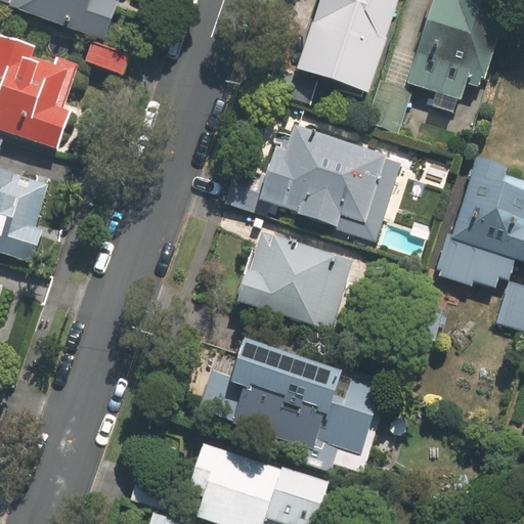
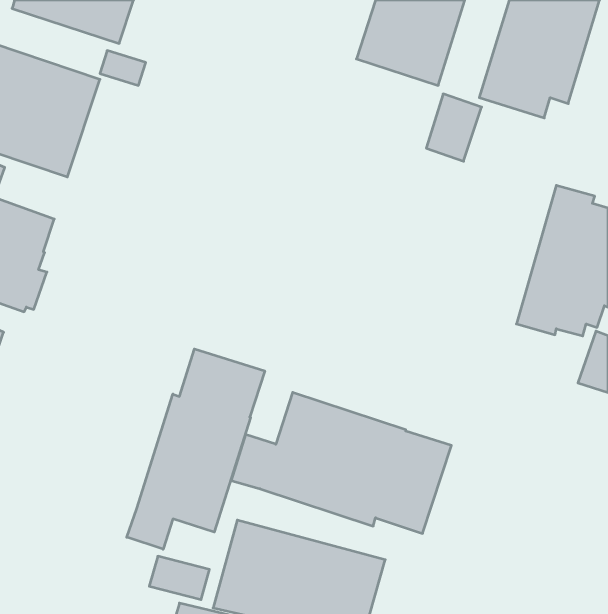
building: [234,120,392,235] -> none
building: [237,230,355,333] -> none
building: none -> [127,349,265,549]

